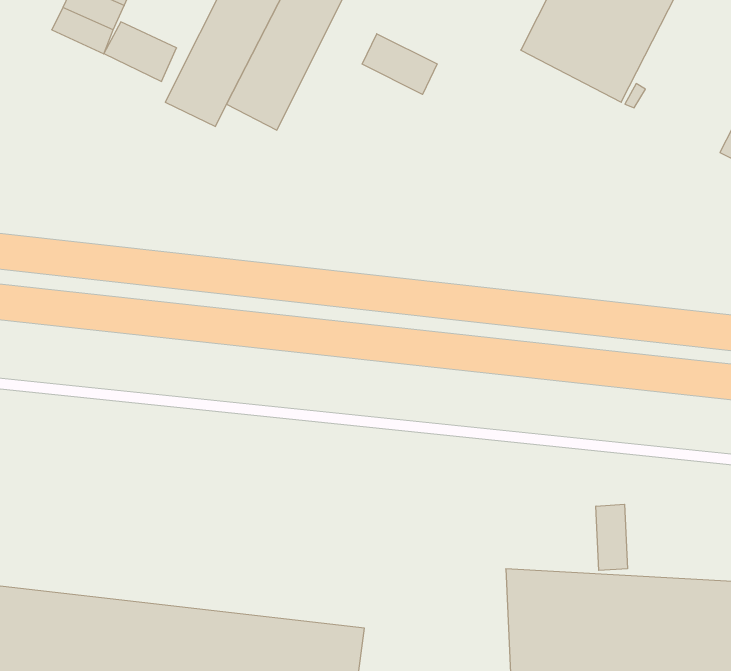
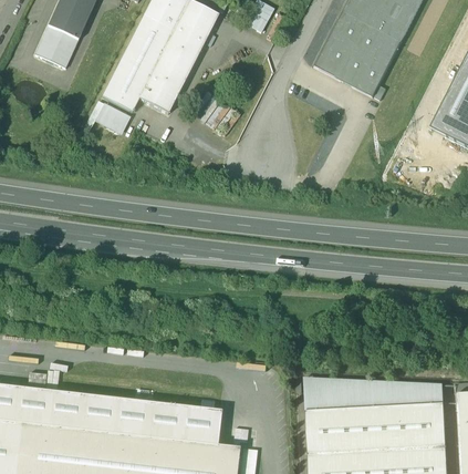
building: [104,22,177,81] -> [89,99,132,134]
building: [362,34,437,94] -> none
building: [596,504,627,570] -> none

